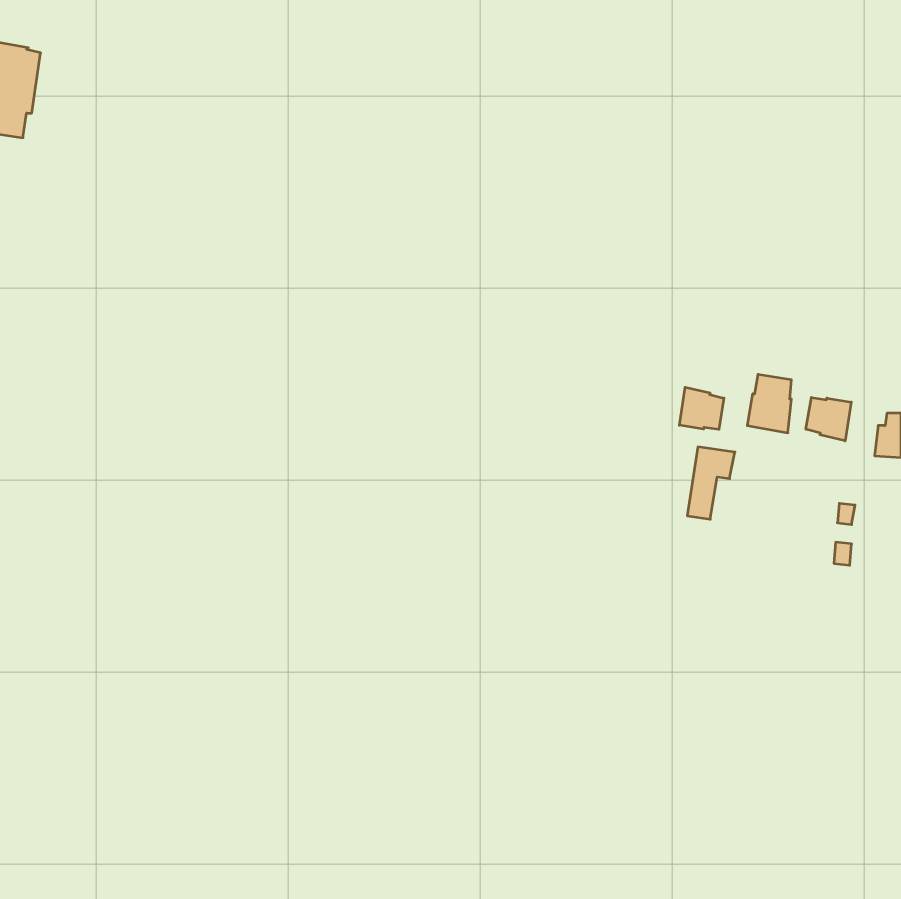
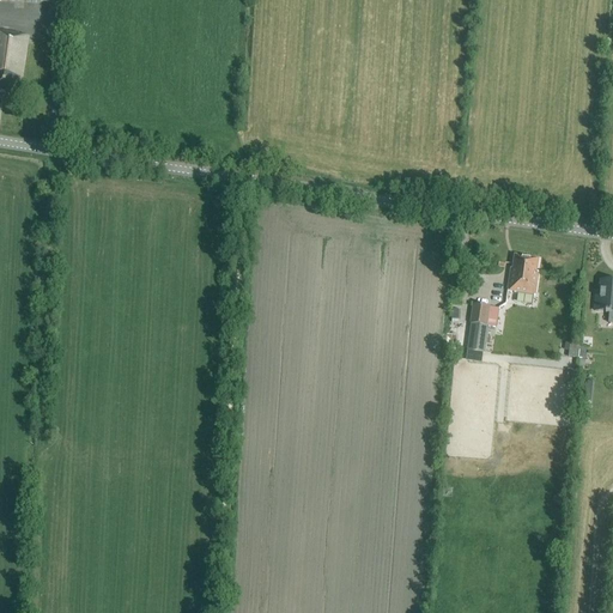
building: [679,387,724,429] -> none
building: [806,397,851,441] -> none

